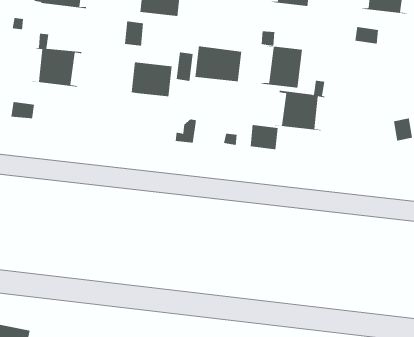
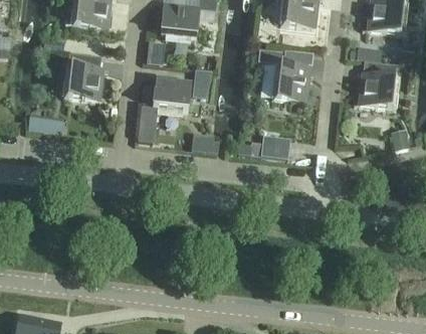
building: [195,45,242,82] -> none
building: [274,80,325,131] -> [353,61,399,108]
building: none -> [138,104,158,140]

